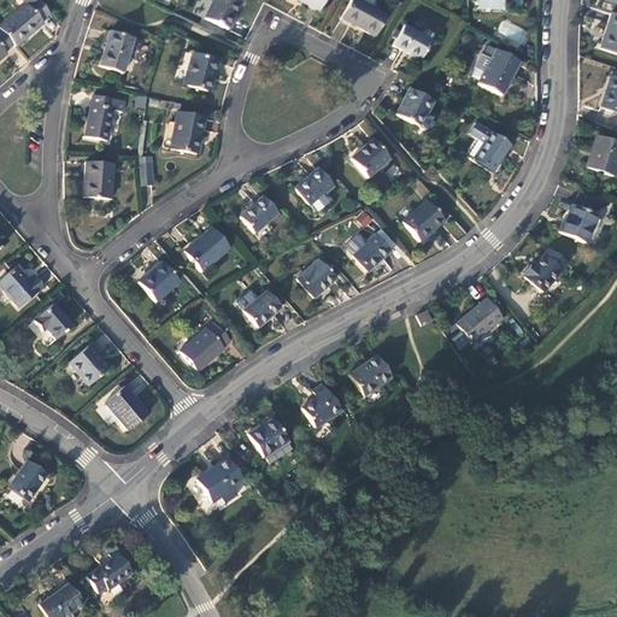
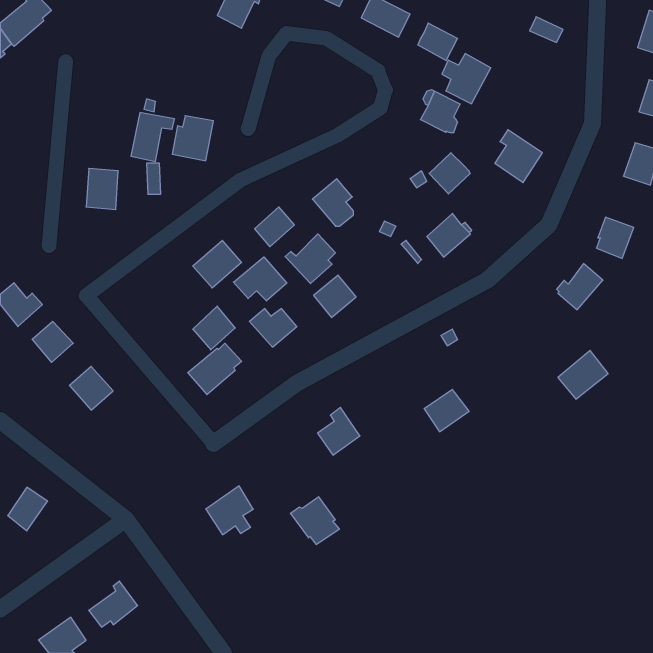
building: [101,27,135,69] -> none
building: [476,46,522,93] -> [442,54,491,104]
building: [186,49,219,87] -> none
building: [86,92,127,137] -> [131,113,175,161]
building: [353,137,392,176] -> [429,153,470,194]
building: none -> [285,234,335,284]
building: [348,233,393,270] -> none
building: none -> [233,257,287,301]
building: [139,258,178,299] -> [193,306,235,350]
building: [457,295,504,341] -> [558,350,608,399]
building: [349,354,392,394] -> [424,389,469,432]
building: [106,383,149,429] -> none
building: [247,417,293,462] -> [290,497,339,544]

